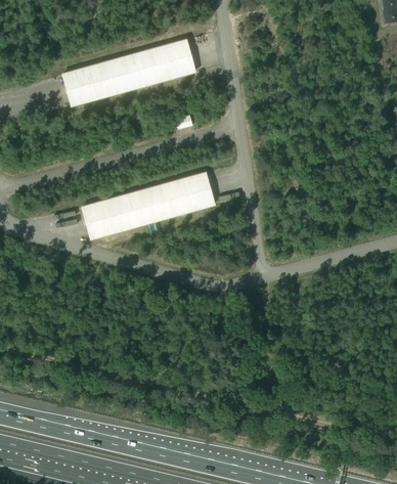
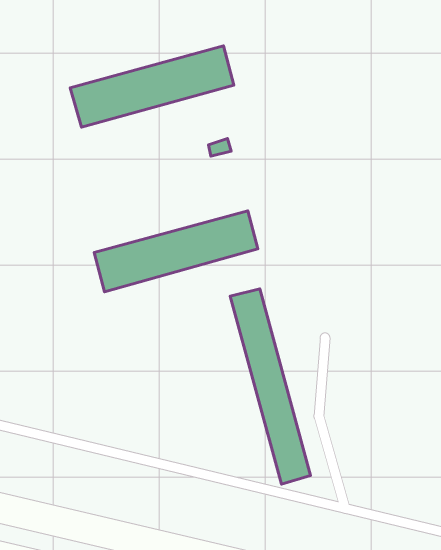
building: none -> [230,289,311,484]

